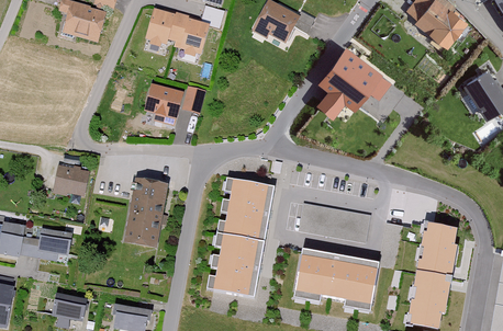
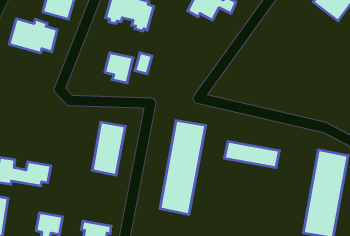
building: none -> [9,19,57,53]
building: [317,47,392,119] -> none
building: [55,164,90,194] -> none
building: [294,246,382,311] -> none

